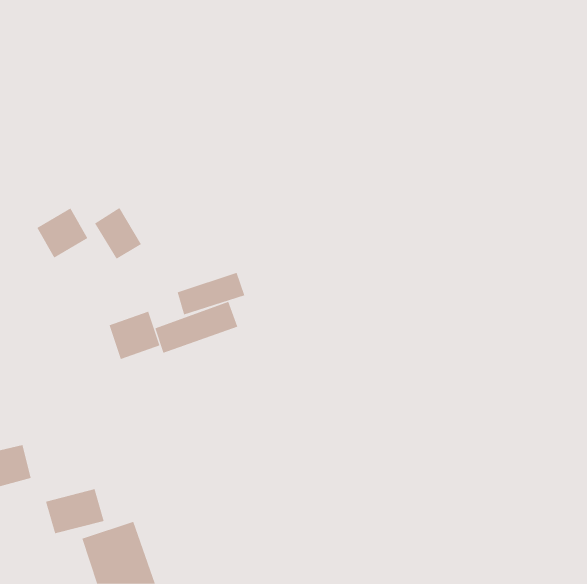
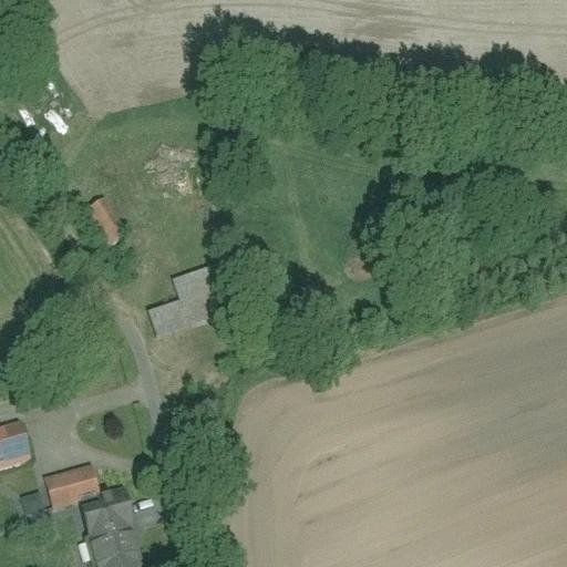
building: [36,207,88,259] -> none
building: [109,311,160,360] -> none

